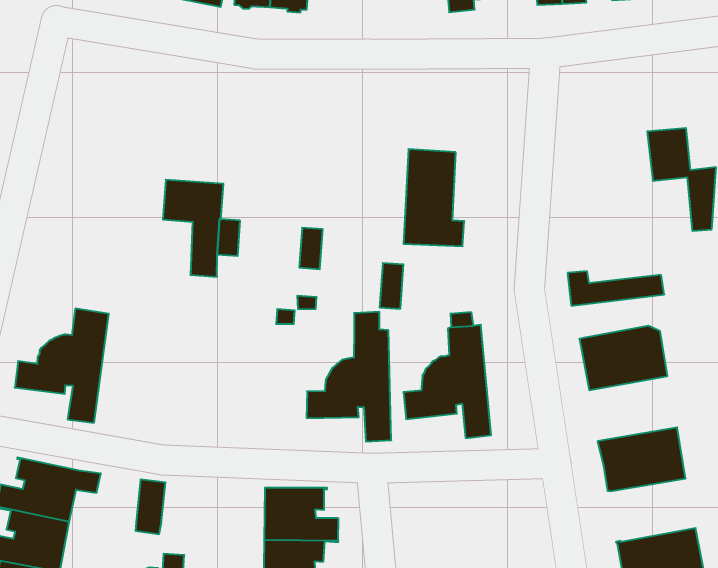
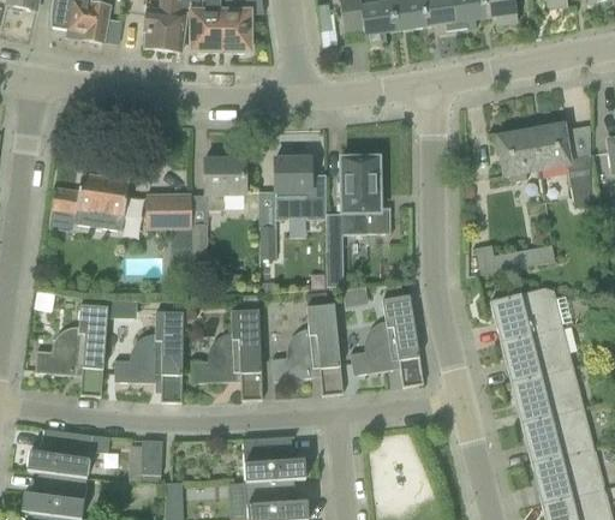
building: none -> [496,128,539,181]
building: none -> [205,157,244,209]
building: none -> [274,157,326,219]
building: none -> [52,175,129,229]
building: none -> [114,311,183,401]
building: none -> [192,309,262,400]
building: none -> [500,325,573,382]
building: none -> [520,407,593,462]

